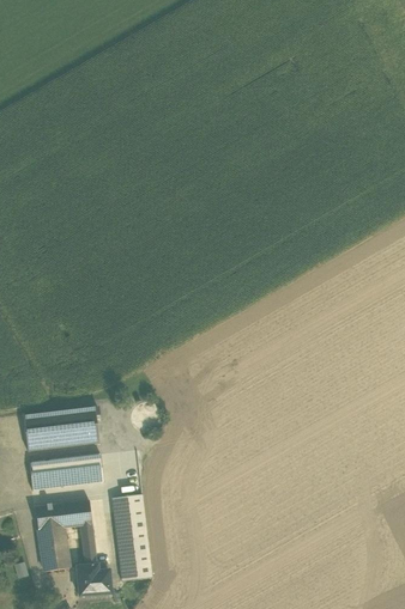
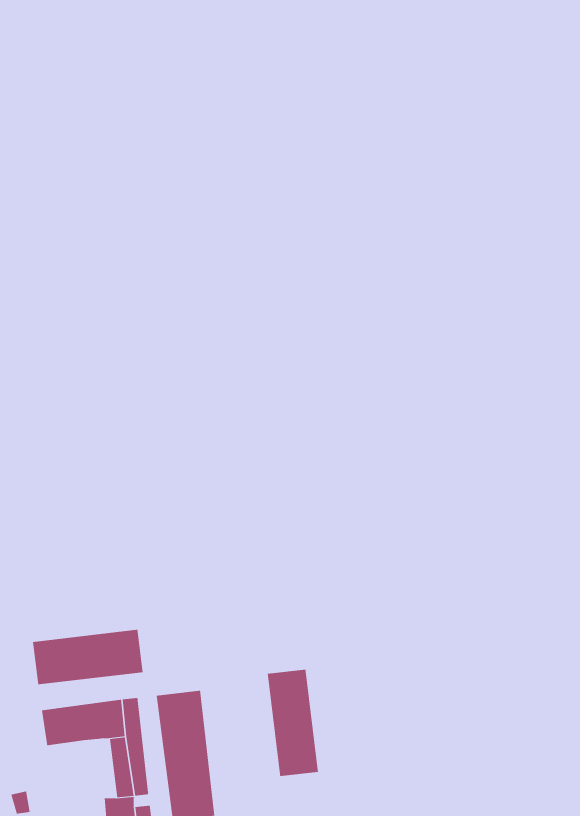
building: [22,406,97,451] -> none
building: none -> [267,669,318,777]
building: [37,528,68,572] -> none

